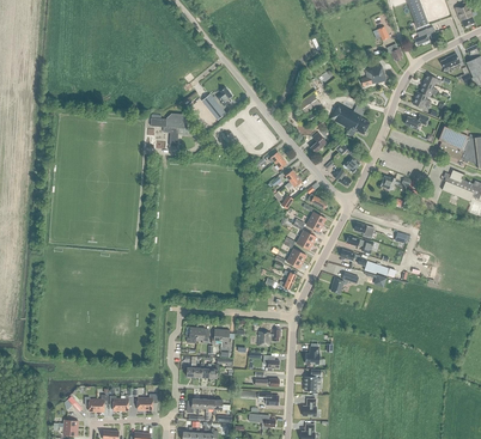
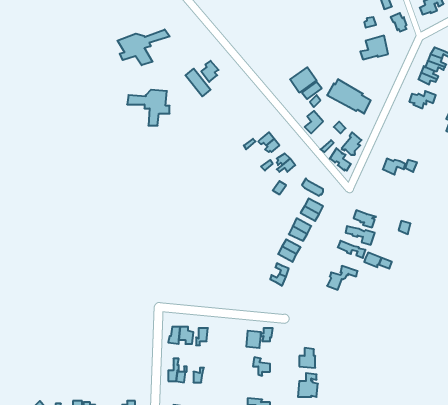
building: none -> [117,29,170,65]

